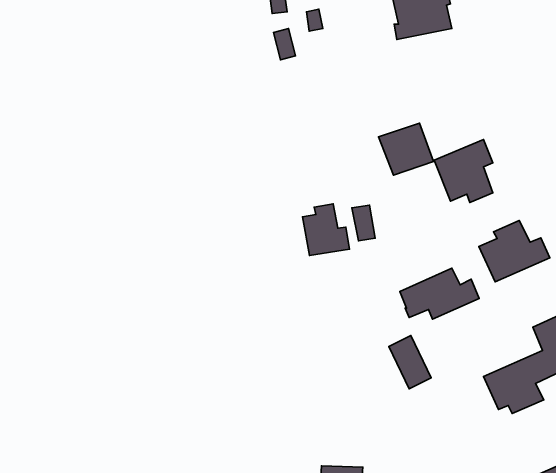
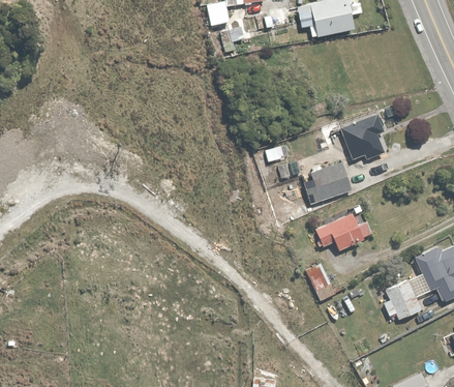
building: [378,123,433,175] -> [310,162,352,202]
building: [303,204,349,256] -> none
building: [479,221,550,282] -> none

